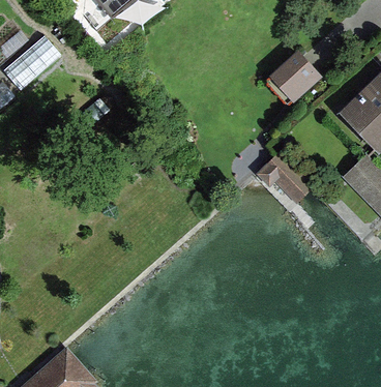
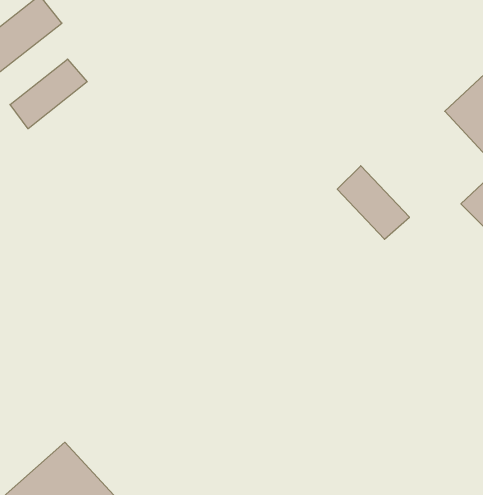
building: [267,52,321,105] -> none
building: none -> [10,59,87,129]

